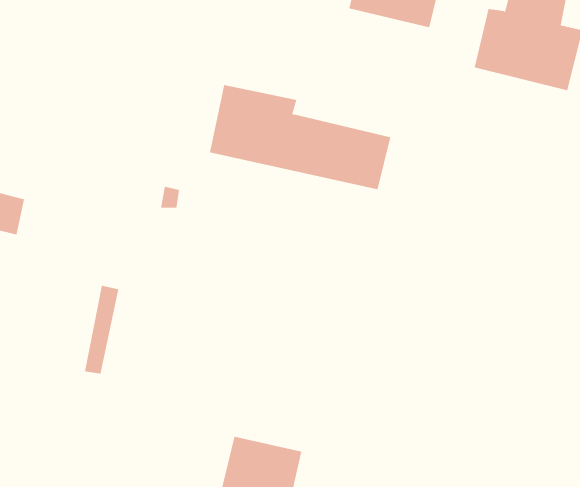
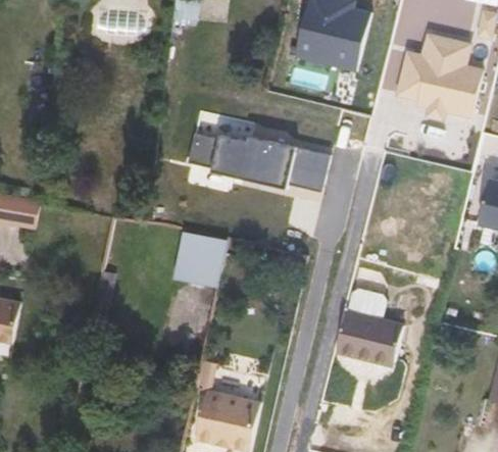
building: none -> [173,233,227,286]
building: none -> [336,285,403,363]

